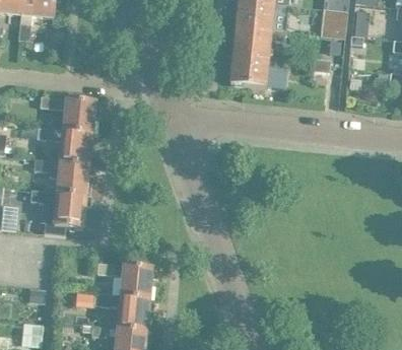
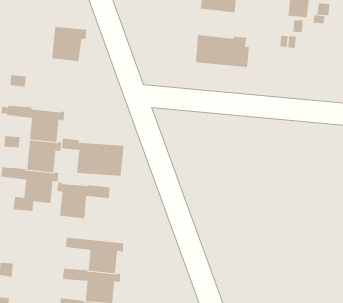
building: [231,28,284,59] -> none
building: [63,98,99,134] -> [51,27,87,61]
building: none -> [62,138,124,176]
building: none -> [56,182,110,219]

